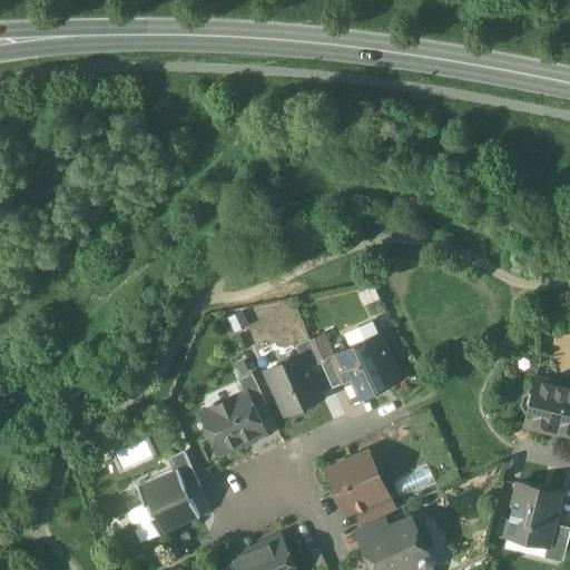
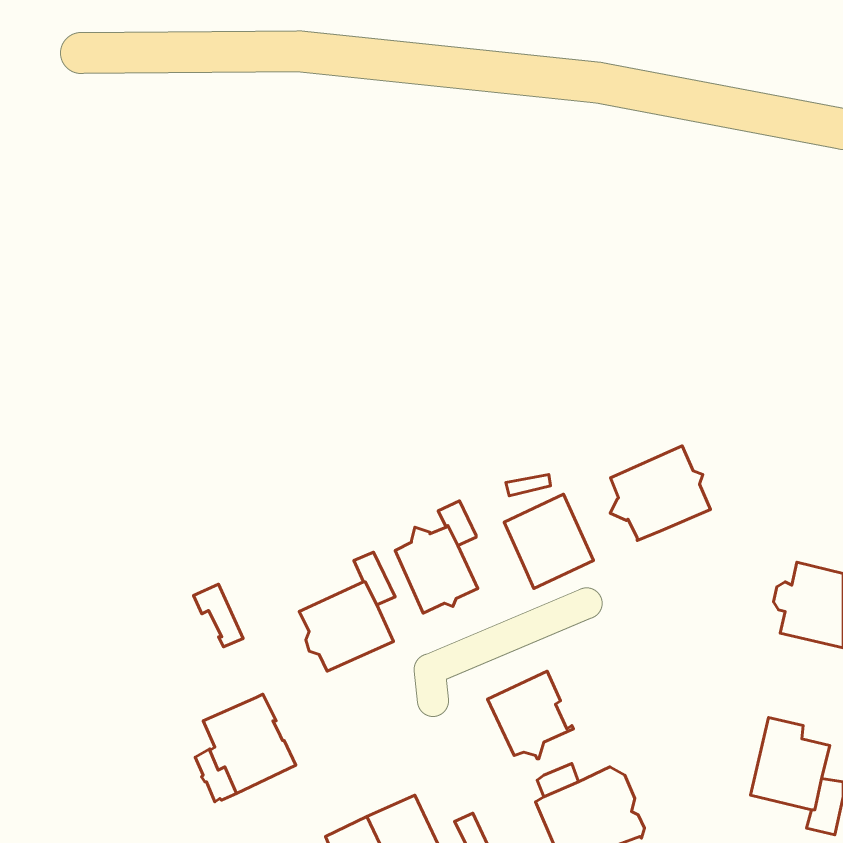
building: none -> [610,446,710,540]
building: [321,353,352,389] -> none
building: [167,451,200,493] -> [194,584,243,647]
building: [362,492,395,523] -> none

